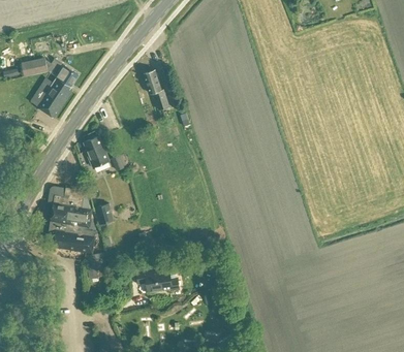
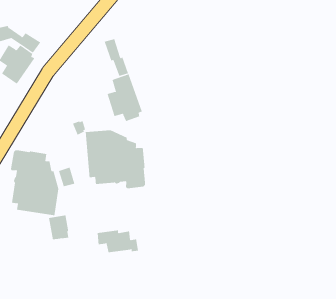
building: none -> [107,74,142,122]
building: [85,135,110,166] -> none
building: none -> [85,130,146,189]

